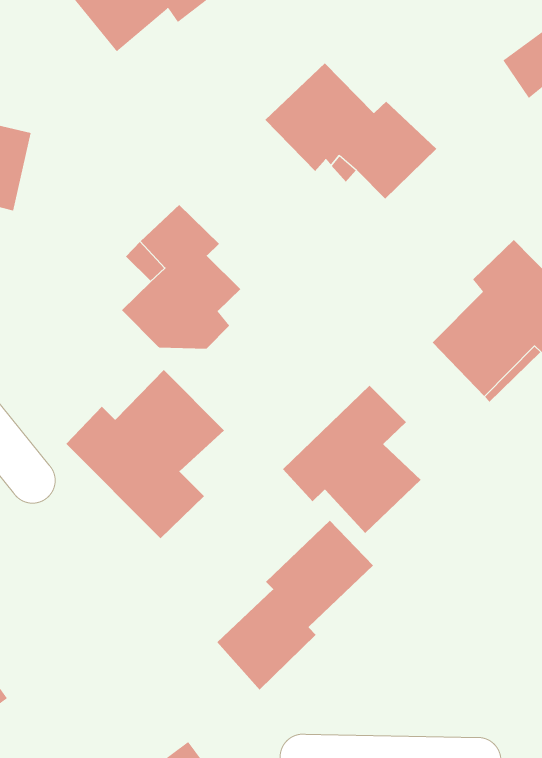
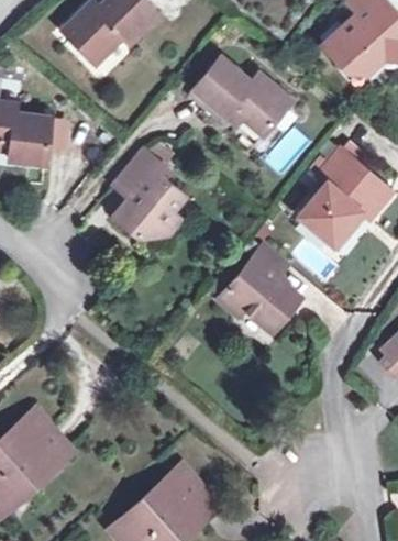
building: [65,369,225,539] -> none
building: [216,520,374,691] -> none

